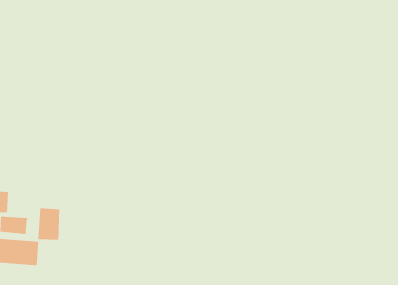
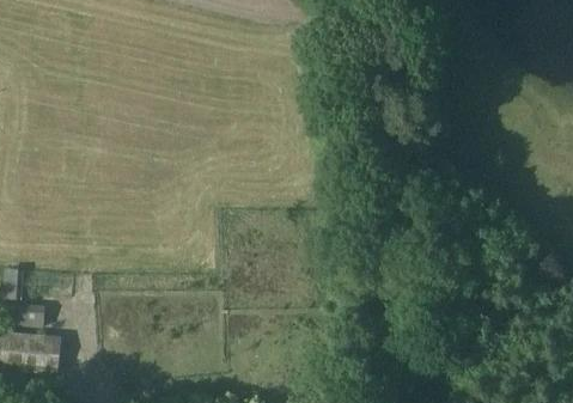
building: [38,208,60,240] -> none

